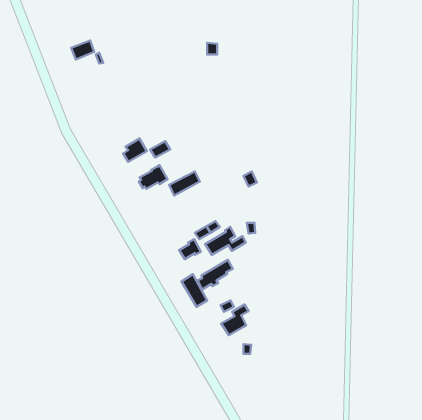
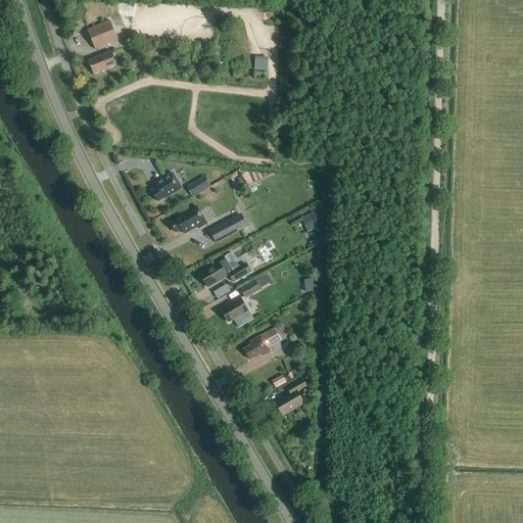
building: none -> [88,19,117,48]
building: [205,227,246,255] -> [200,251,250,286]
building: [181,274,207,307] -> none

